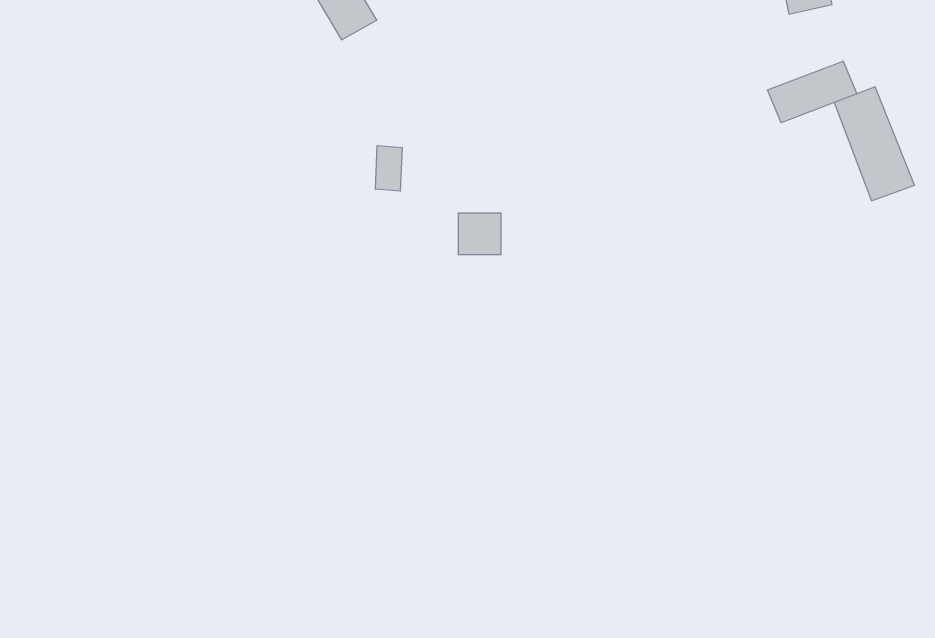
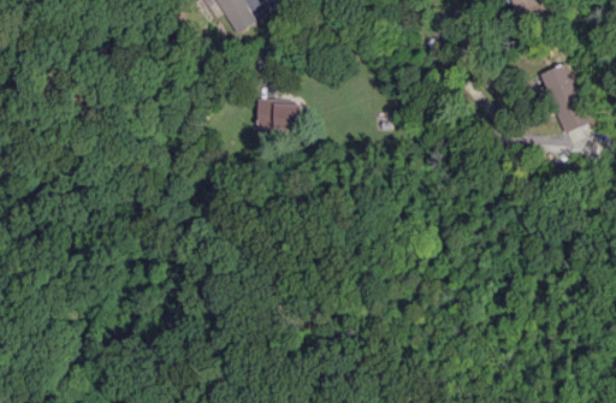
building: [768,61,857,123] -> none
building: [458,213,501,254] -> [274,102,301,128]

